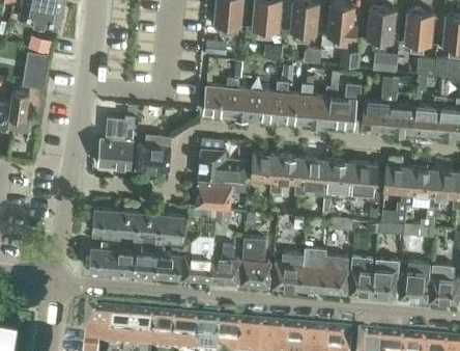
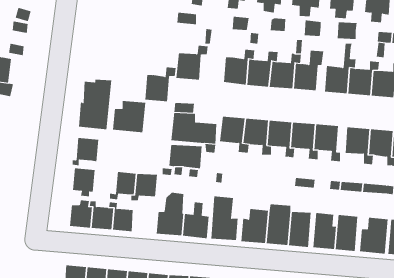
building: [229,79,263,116] -> [144,67,177,102]
building: [112,210,141,240] -> [72,138,99,166]
building: [154,246,181,278] -> none

